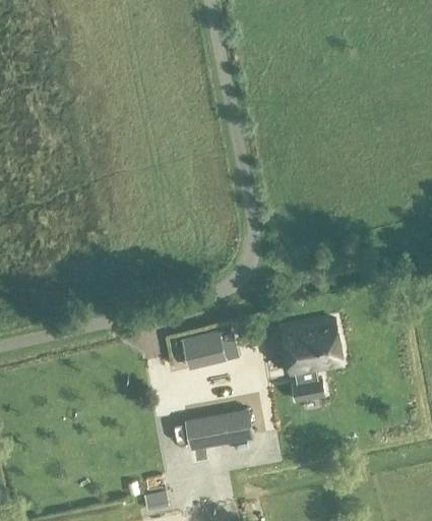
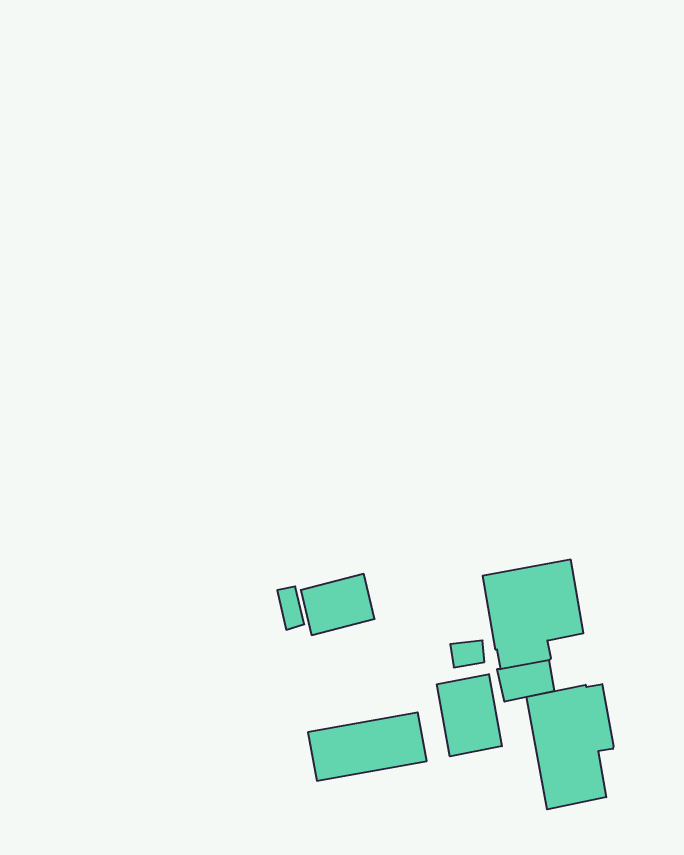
building: none -> [437,674,502,756]
building: none -> [526,684,614,809]

